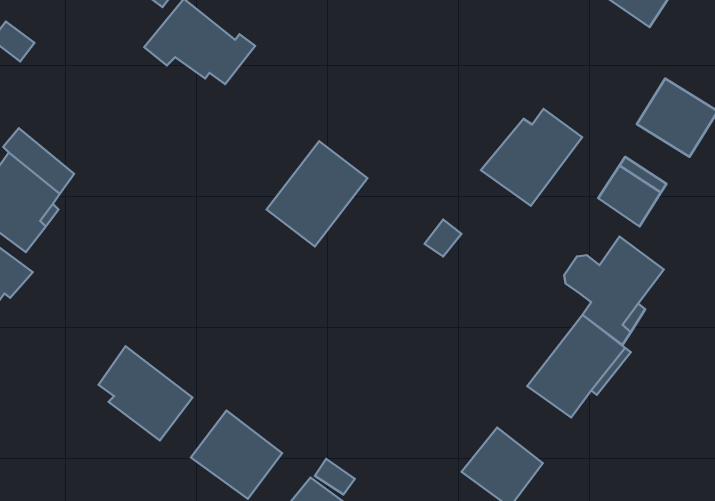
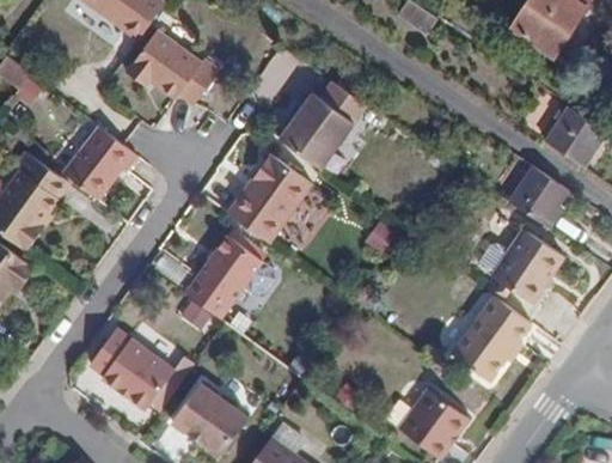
building: none -> [67,123,143,199]
building: [481,109,582,206] -> [281,89,366,170]
building: none -> [182,232,261,316]

